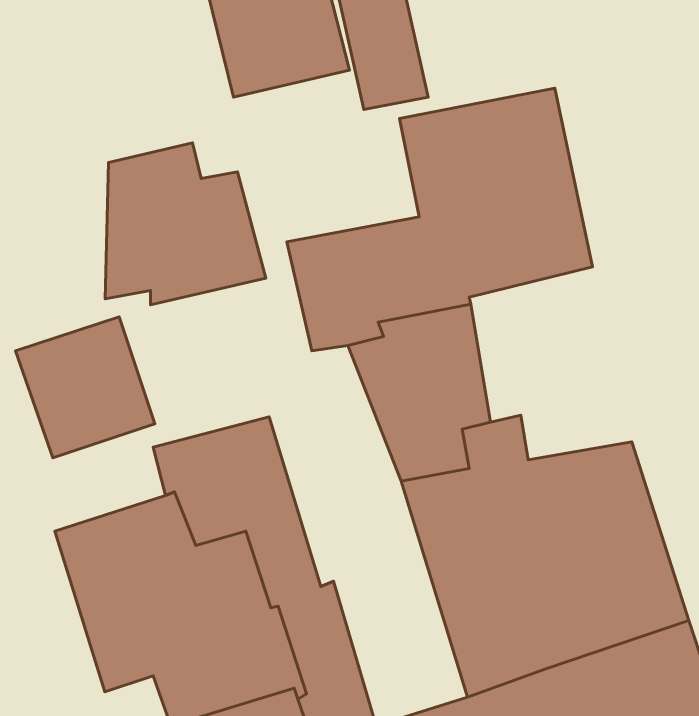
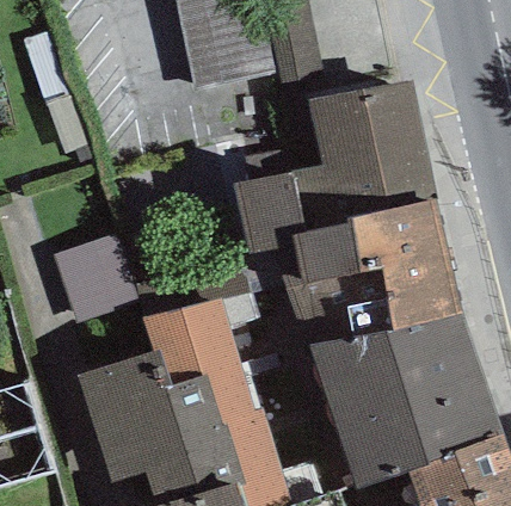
building: [105,143,266,305] -> none
building: none -> [355,200,463,329]

